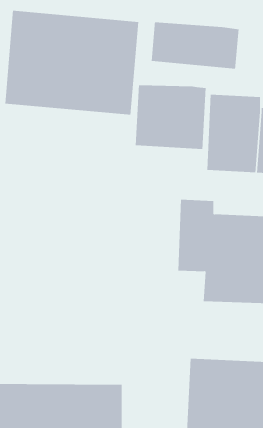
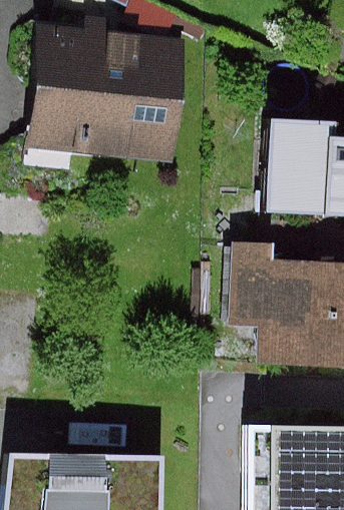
building: [151,21,239,70] -> none
building: [135,85,206,150] -> none

